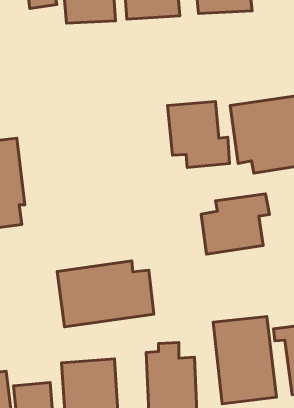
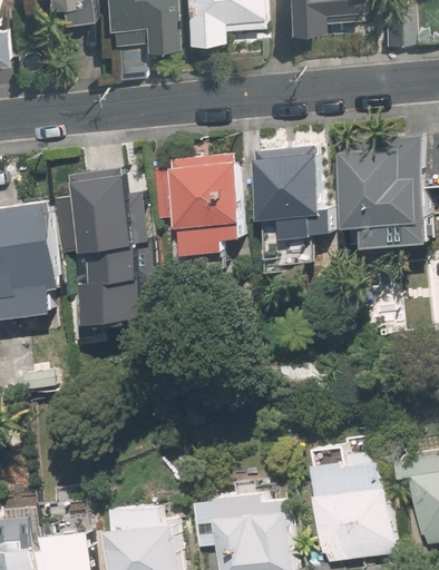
building: none -> [148,149,240,229]
building: none -> [71,167,153,331]
building: [201,194,269,254] -> none
building: [57,261,154,327] -> none

